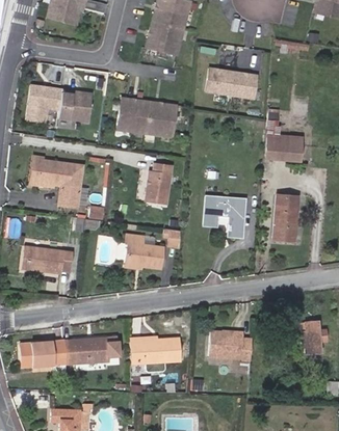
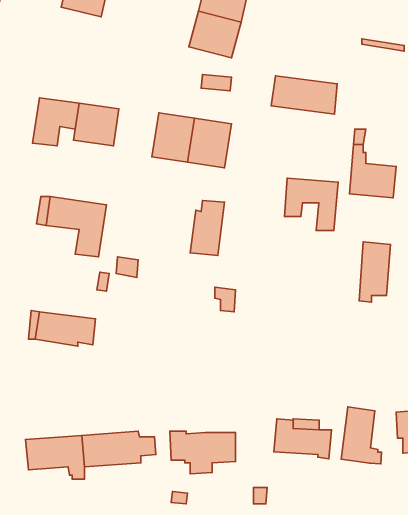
building: [204,196,244,236] -> [285,178,338,230]
building: [126,234,162,268] -> none
building: none -> [341,407,381,464]

